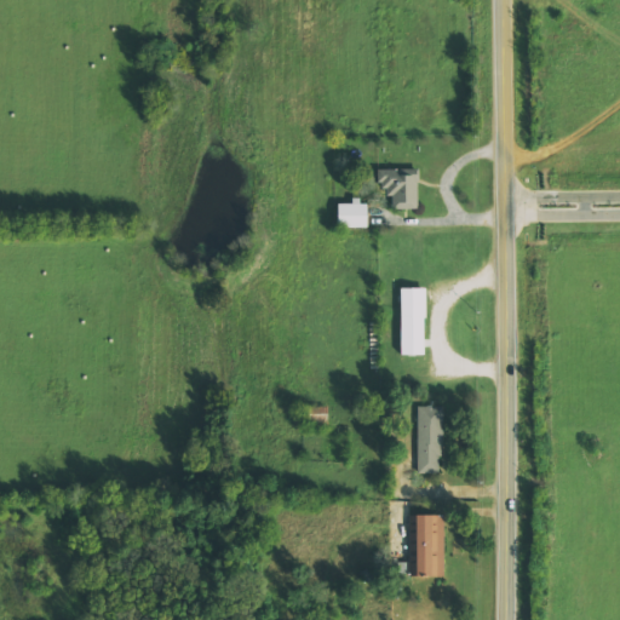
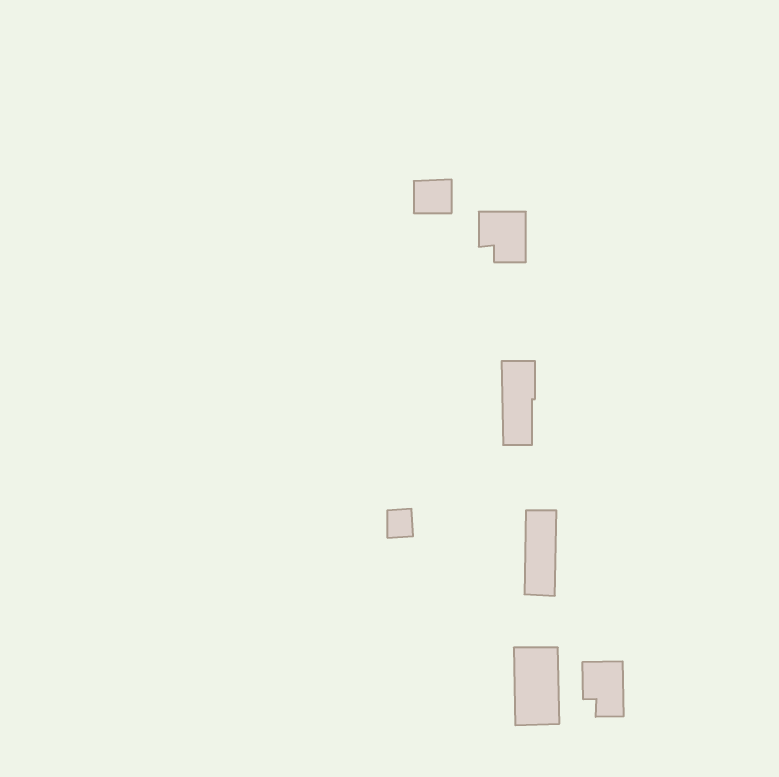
building: [337,200,367,226] -> [414,180,452,213]
building: none -> [583,661,624,717]

